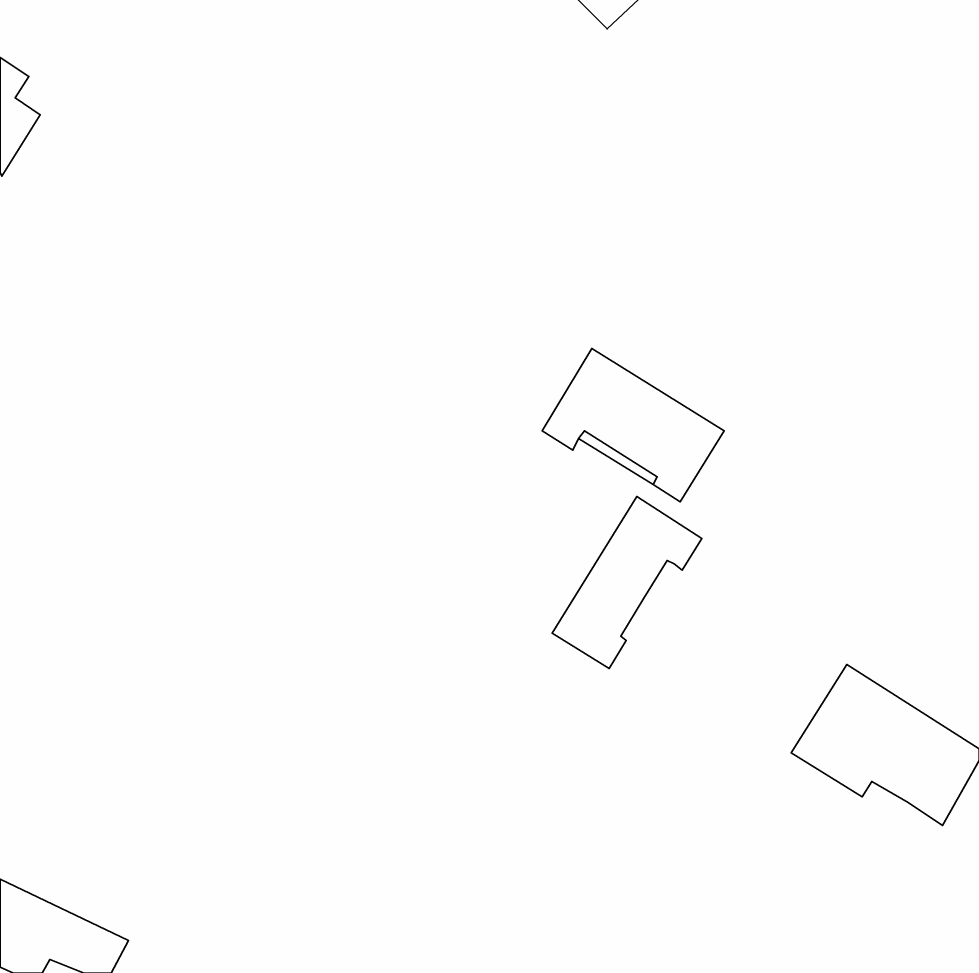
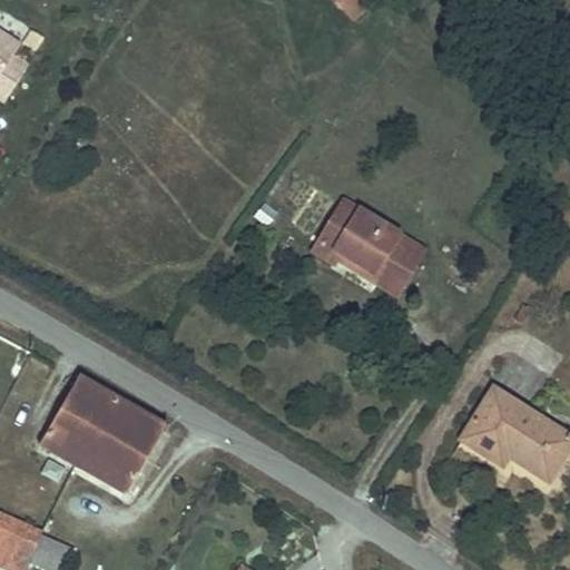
building: [552,497,702,669] -> none
building: none -> [39,375,165,491]

